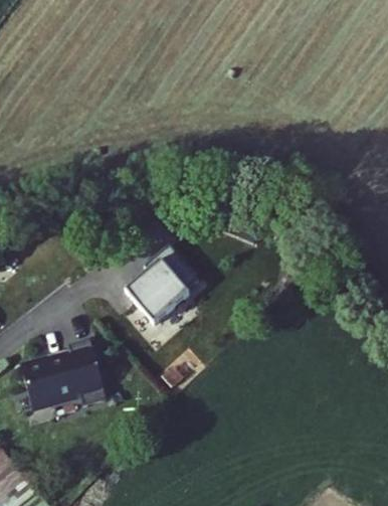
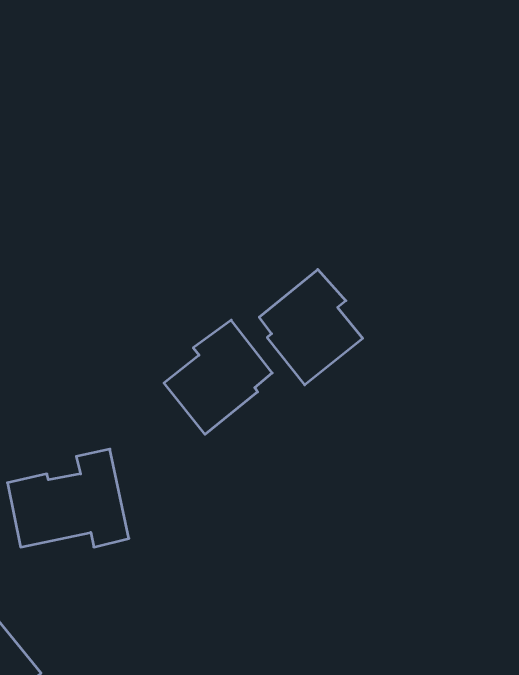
building: none -> [259,269,363,385]

